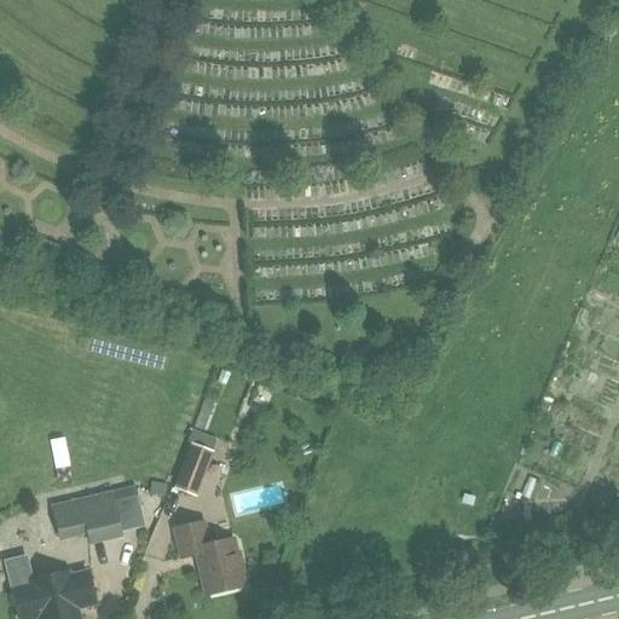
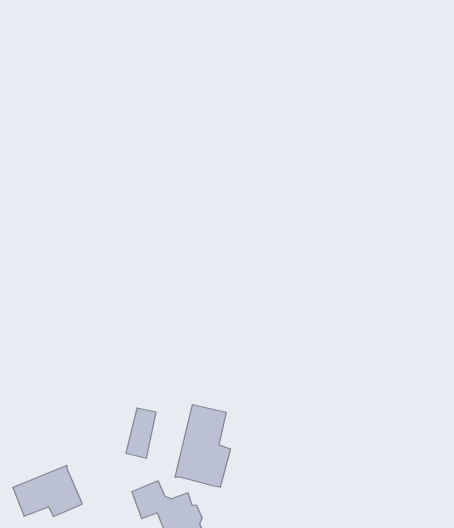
building: none -> [175,405,230,487]
building: [111,490,144,527] -> none

